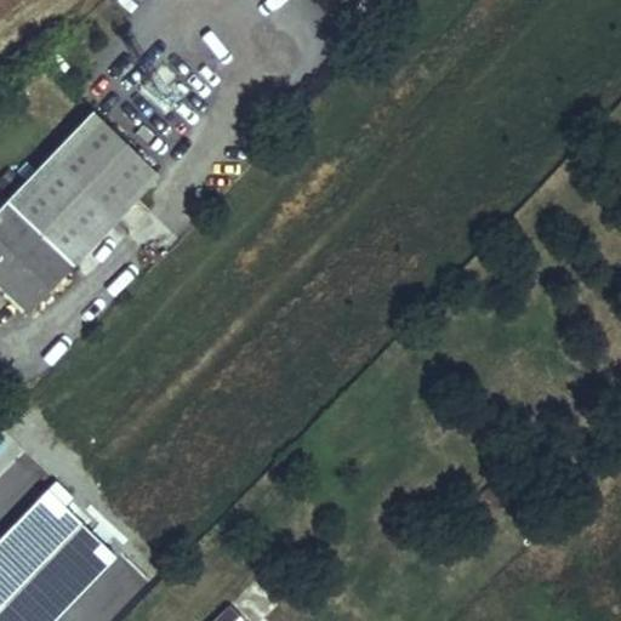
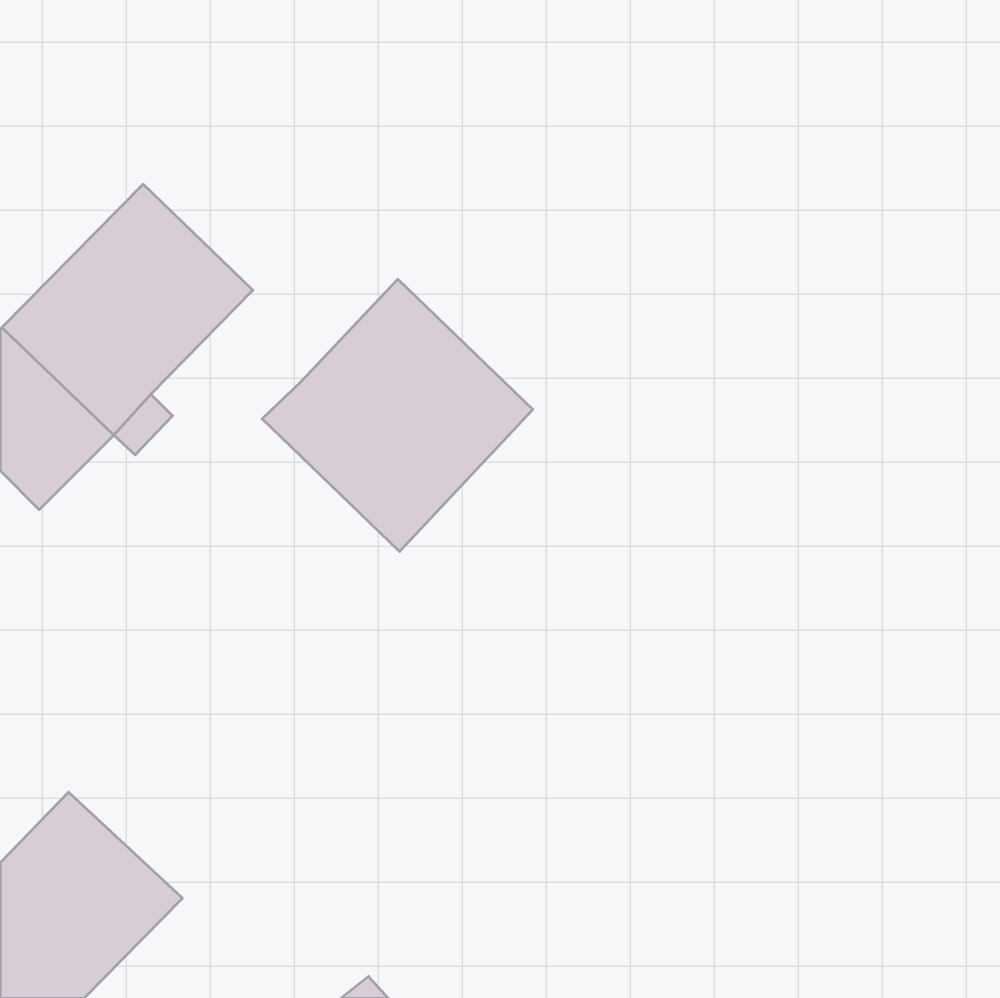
building: none -> [262,279,533,552]

